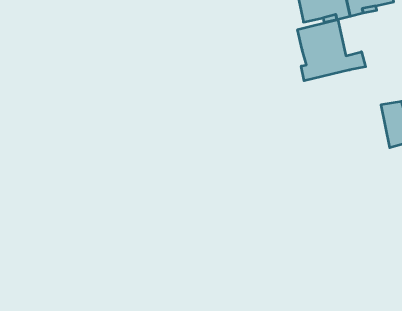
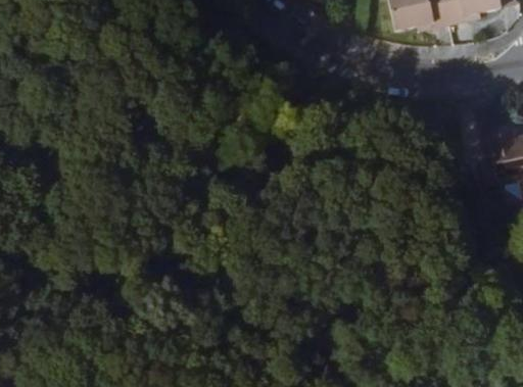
building: [298,19,366,81] -> none

